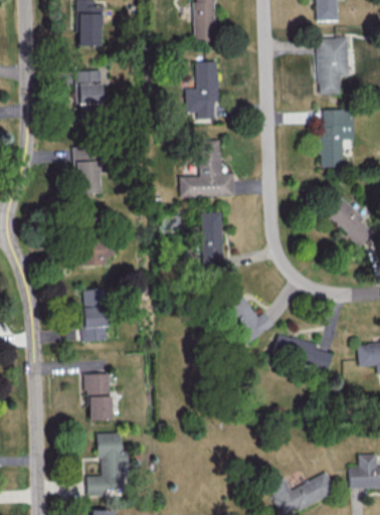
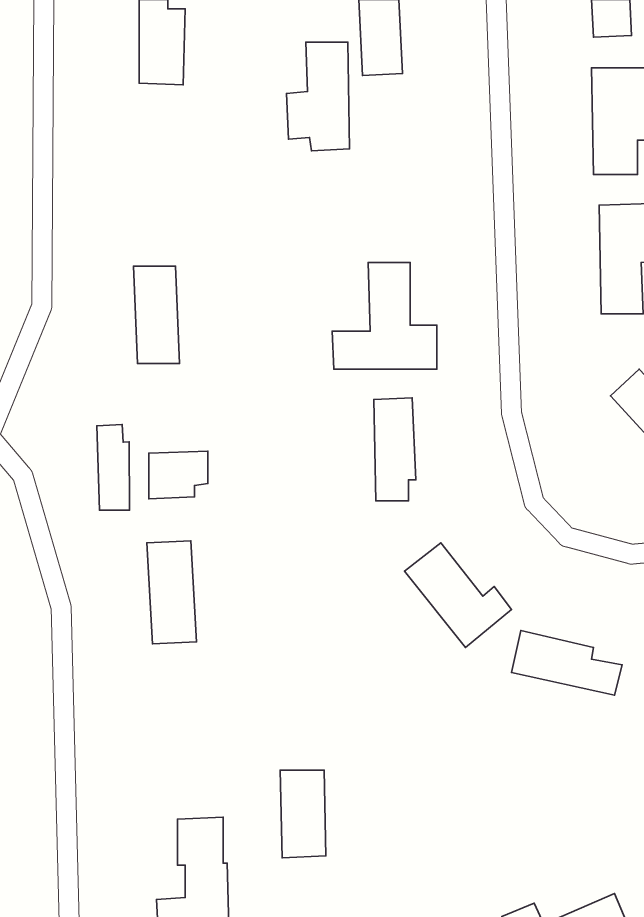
building: [185,61,218,119] -> [287,42,350,151]
building: [74,69,102,105] -> none
building: none -> [97,425,130,510]
building: [86,373,111,419] -> [280,770,326,858]

